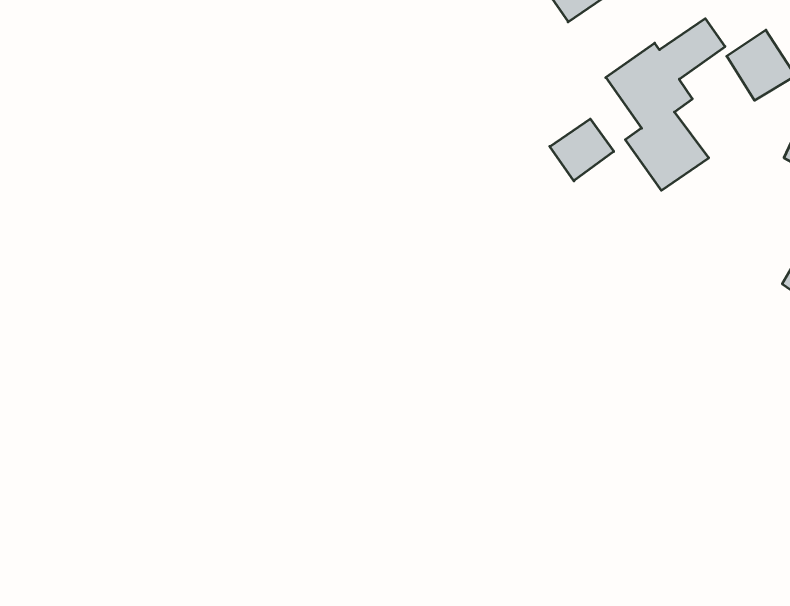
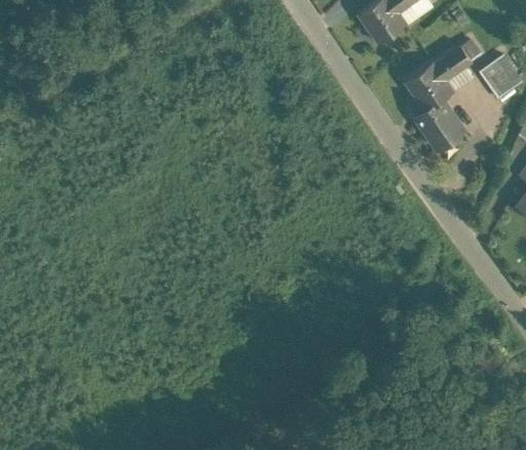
building: [550,119,614,181] -> none

